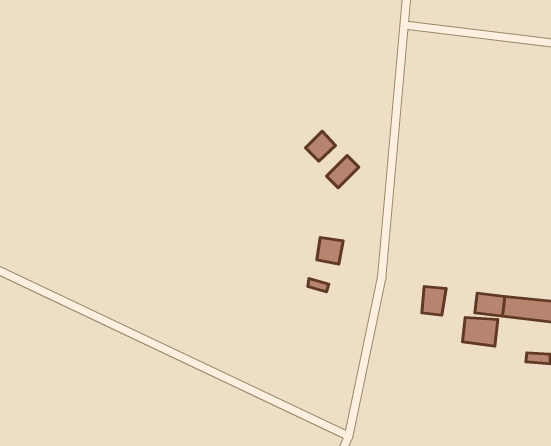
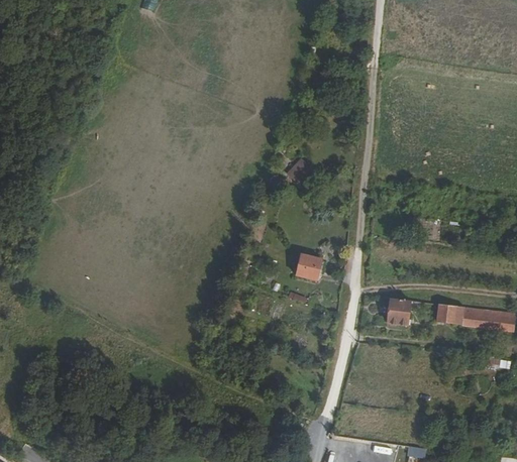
building: [327,155,359,188] -> none
building: [462,318,498,346] -> none

